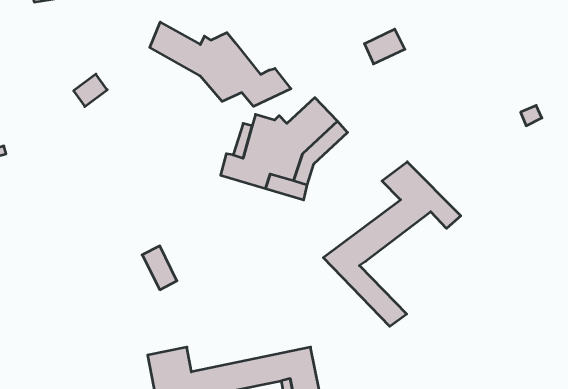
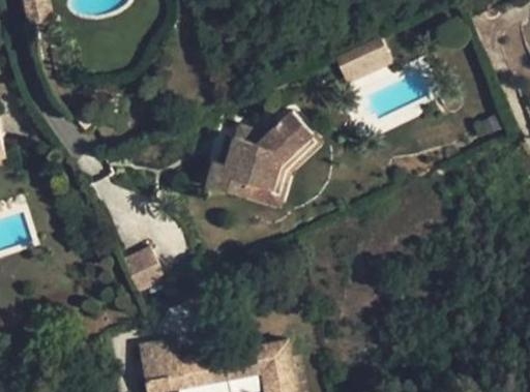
building: [150,22,291,106] -> none
building: [323,162,461,326] -> none

